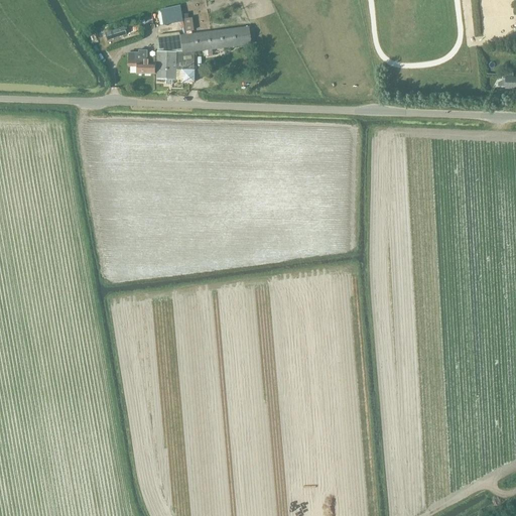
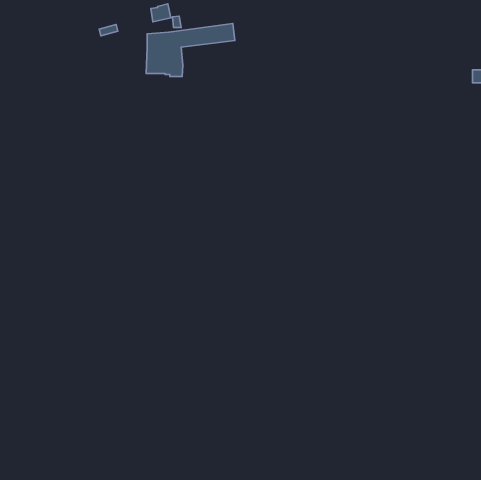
building: [129,49,156,73] -> none

